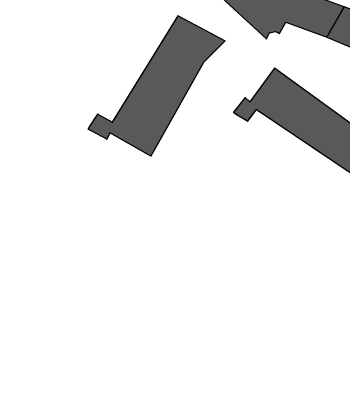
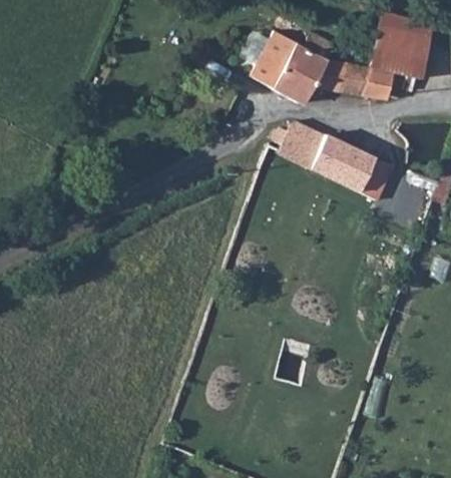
building: [88,16,225,156] -> none

